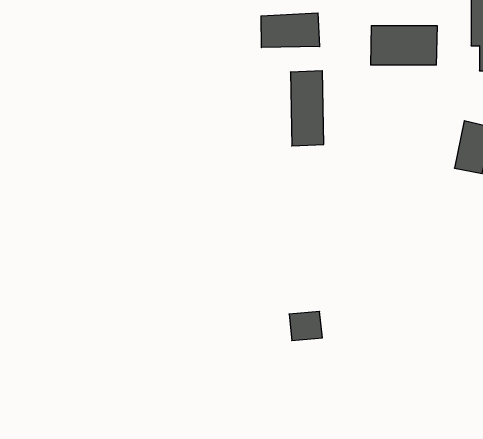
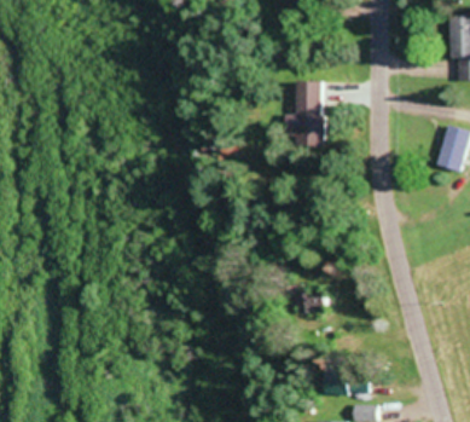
building: [261,13,320,48] -> none
building: [371,26,437,65] -> none

